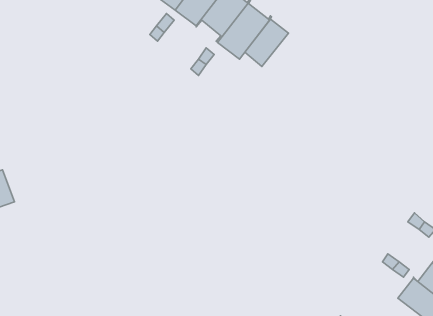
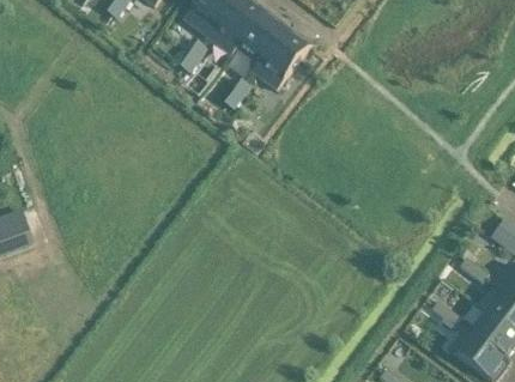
building: [245,19,288,67] -> none

